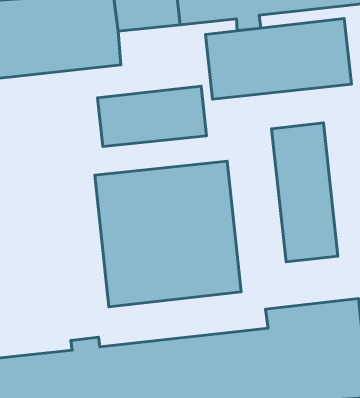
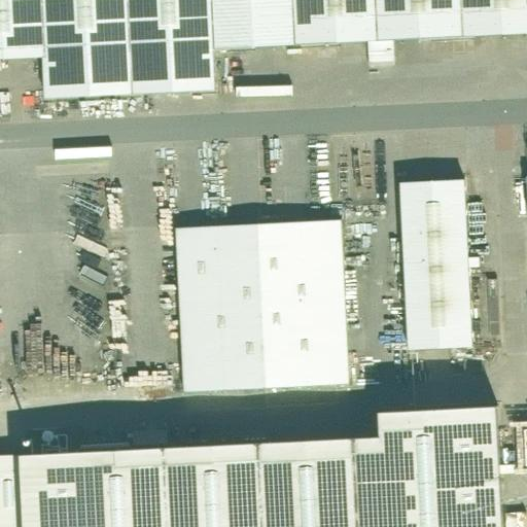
building: [205,19,352,99] -> none
building: [98,86,206,147] -> none

